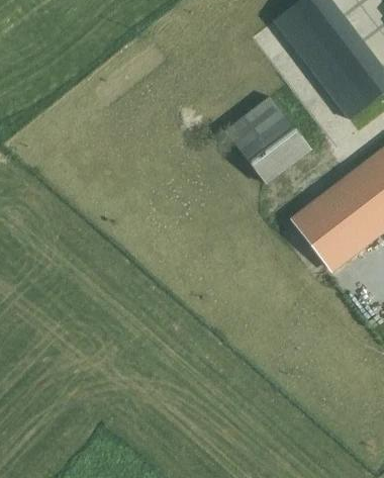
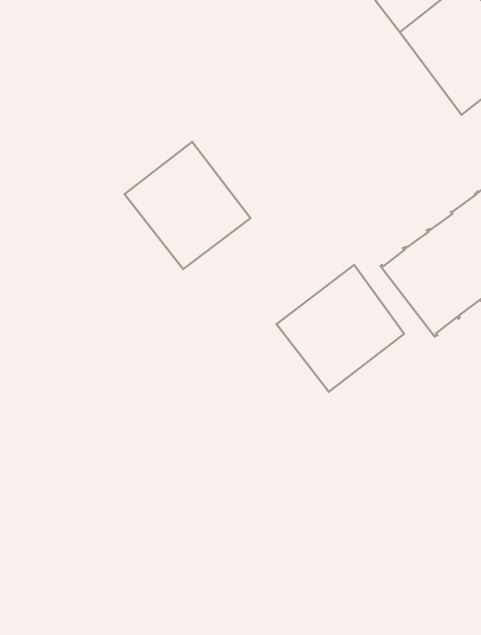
building: [225,96,310,182] -> [125,142,251,269]
building: none -> [276,265,404,392]

